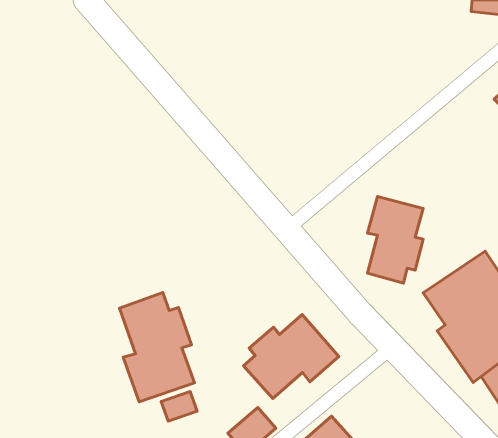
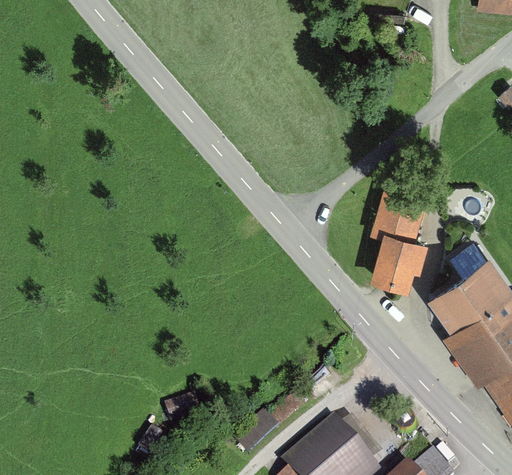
building: [119,293,194,402] -> none
building: [244,314,339,398] -> none

